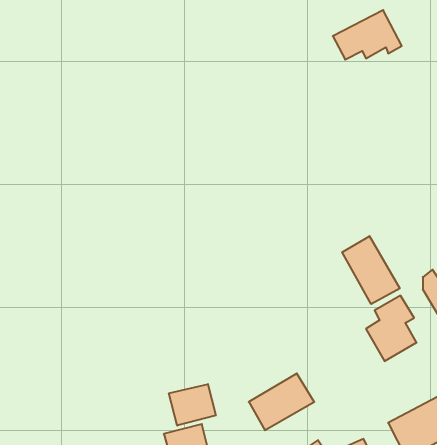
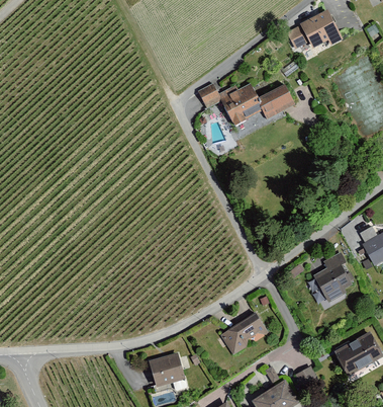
building: none -> [195,85,295,133]
building: [342,236,400,304] -> none
building: [169,384,216,426] -> none

